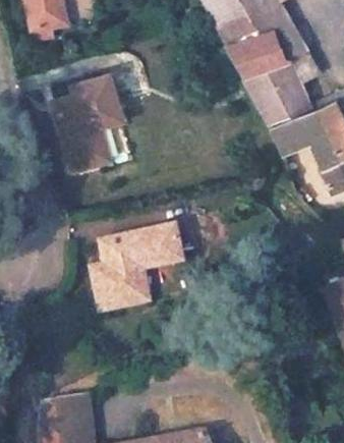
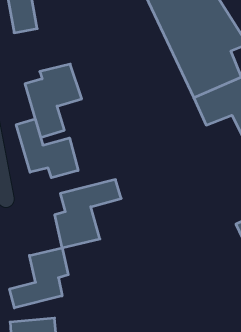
building: none -> [16,119,78,178]
building: none -> [10,248,68,308]

